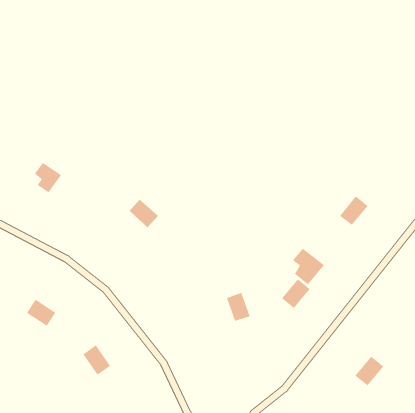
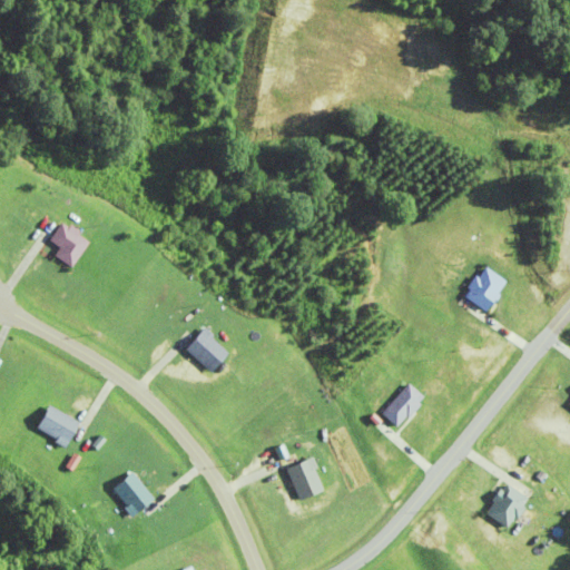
building: [129,199,159,228] -> [188,327,229,367]
building: [292,248,325,285] -> none
building: [226,292,251,322] -> [288,459,322,499]

